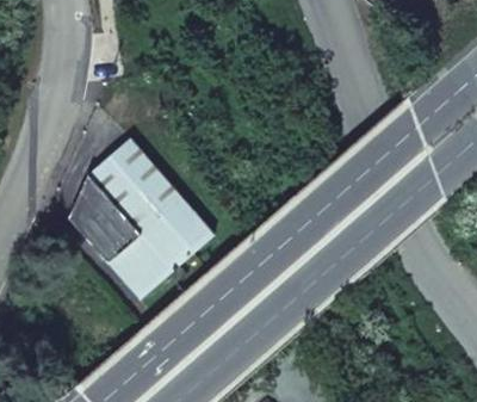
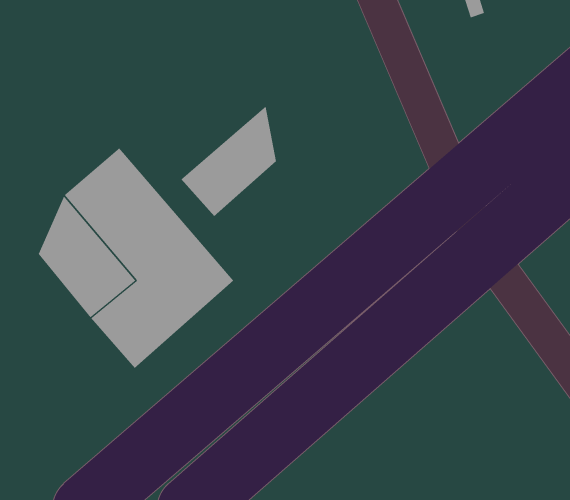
building: none -> [181,106,277,217]

